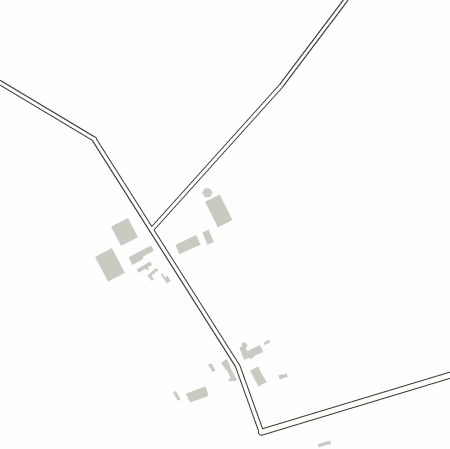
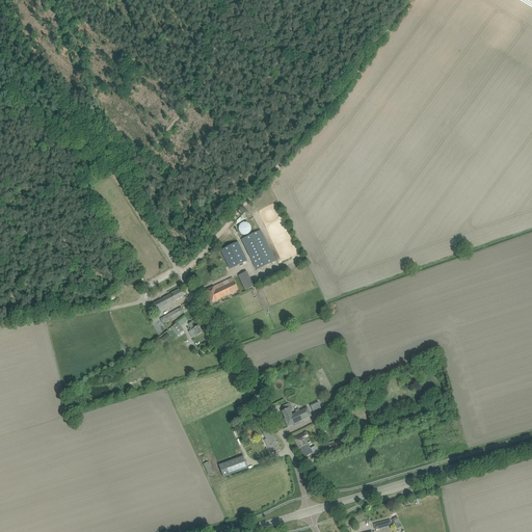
building: none -> [220,241,247,268]
building: [110,217,139,247] -> none
building: [94,247,126,283] -> none

